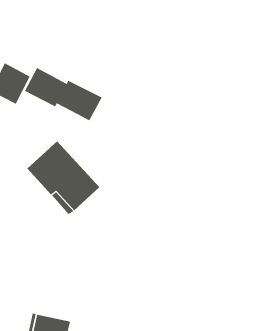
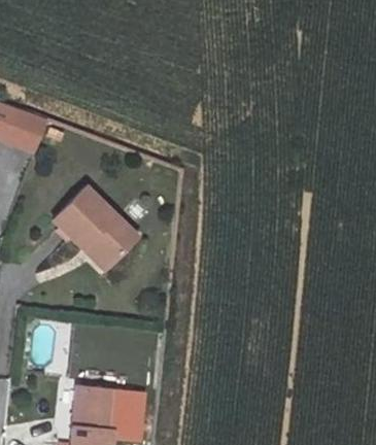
building: [24,67,102,121] -> none

